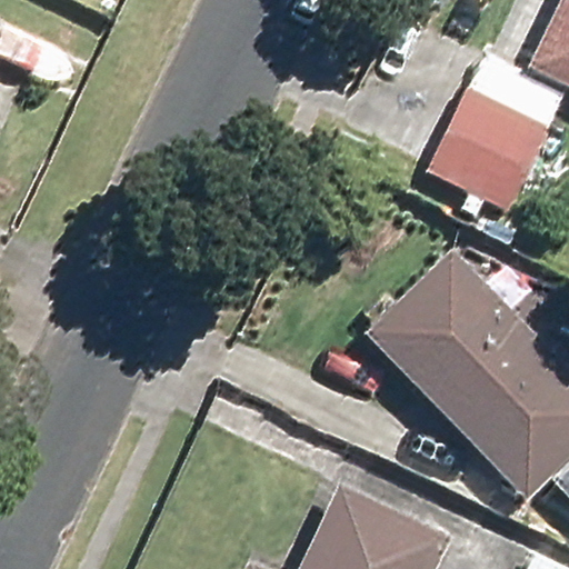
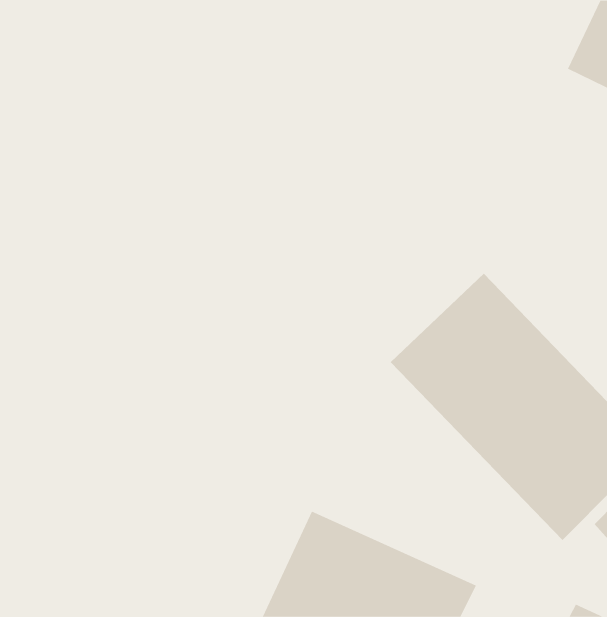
building: [427,86,553,213] -> none

